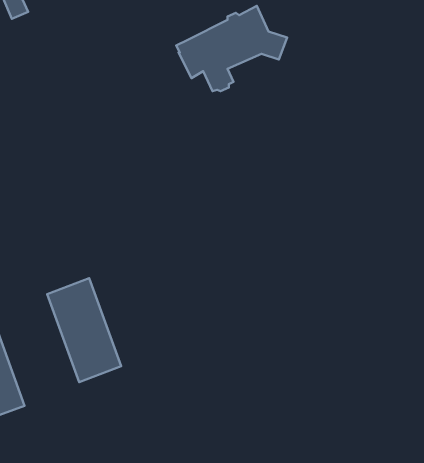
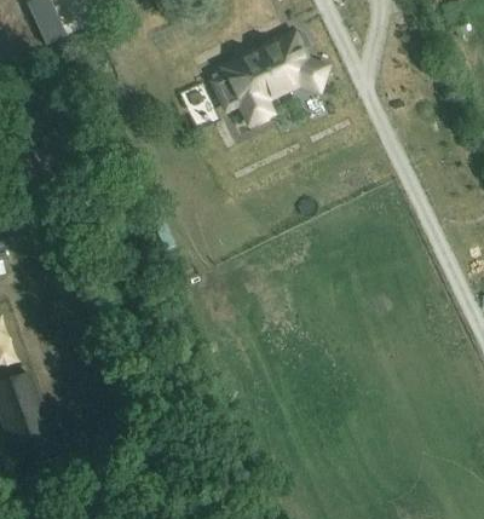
building: [47,278,121,382] -> none

